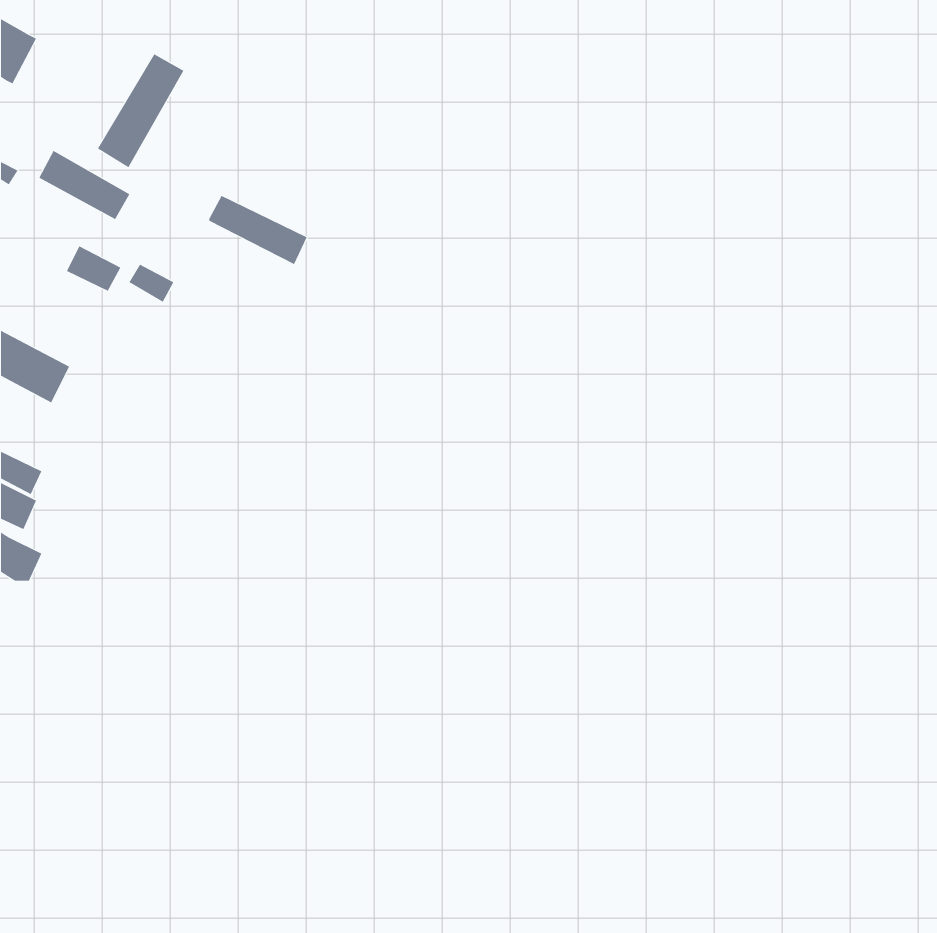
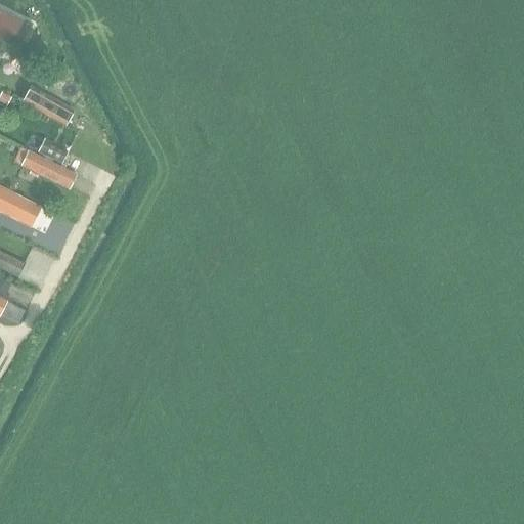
building: [97,53,184,168] -> none
building: [208,195,307,265] -> [19,149,75,188]

